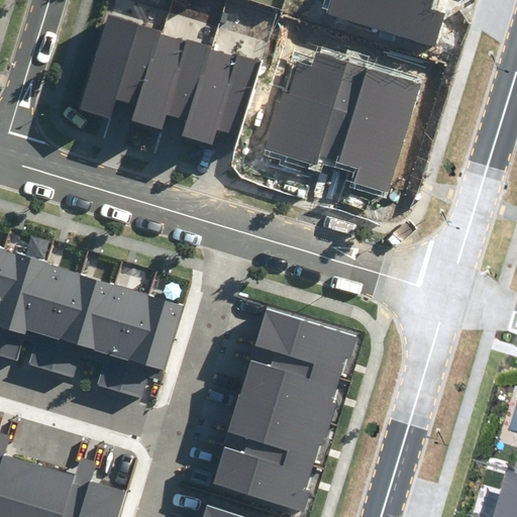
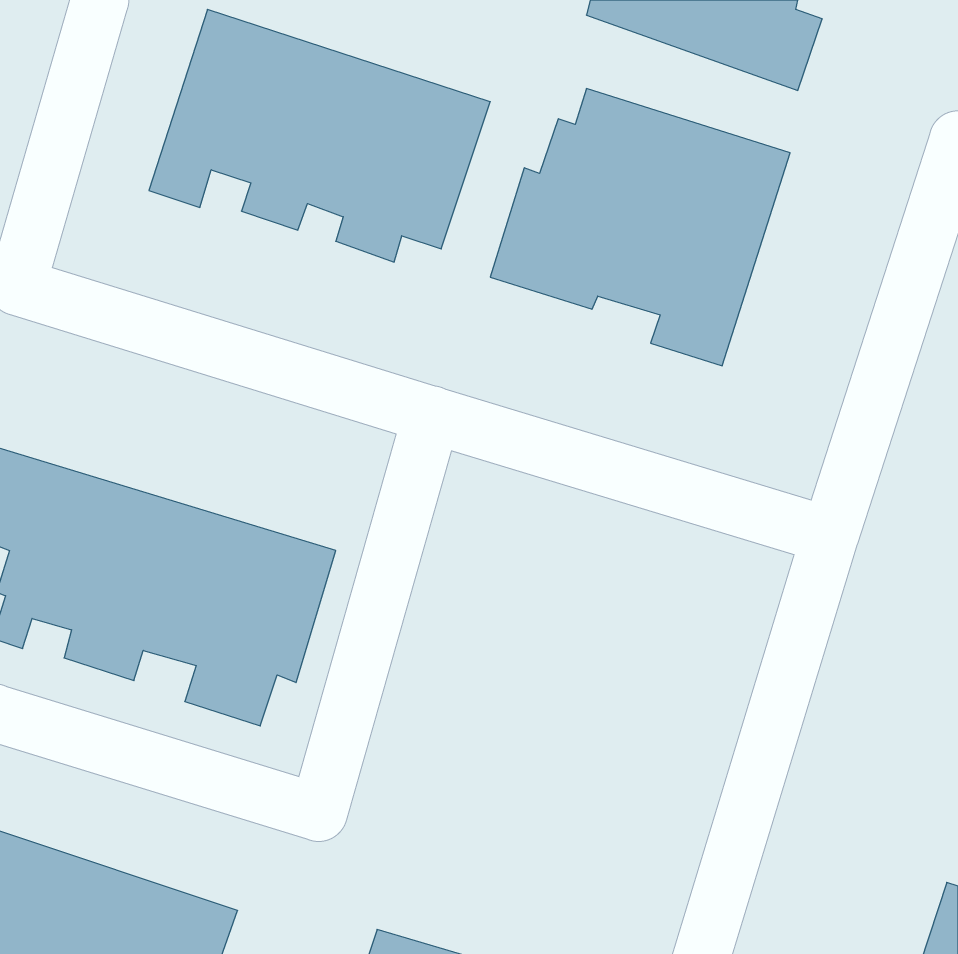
building: [216,308,351,506] -> none

